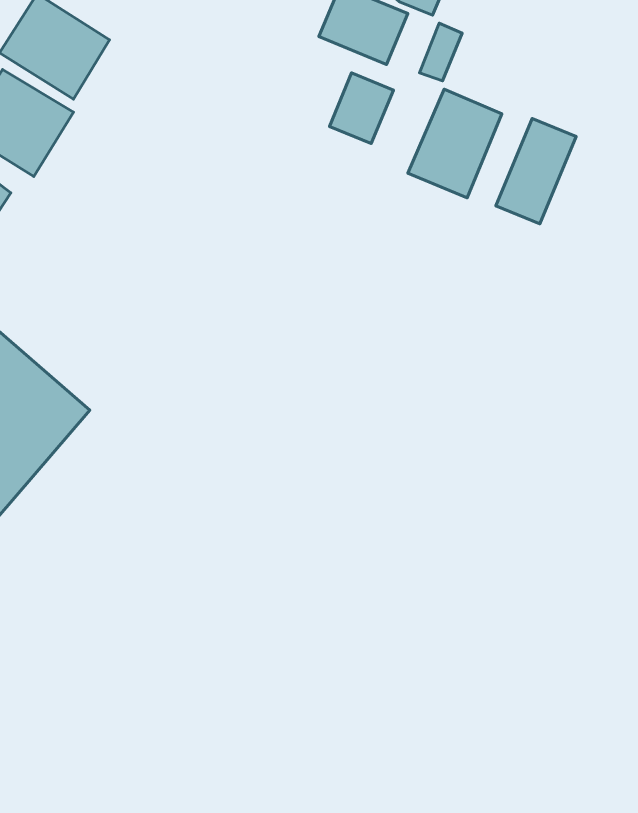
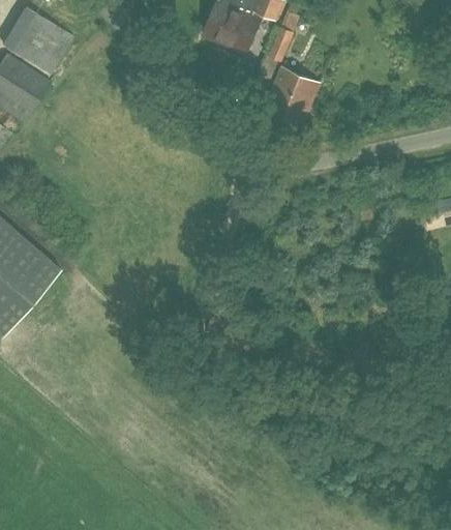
building: [329,73,394,144] -> none
building: [496,118,576,224] -> none

